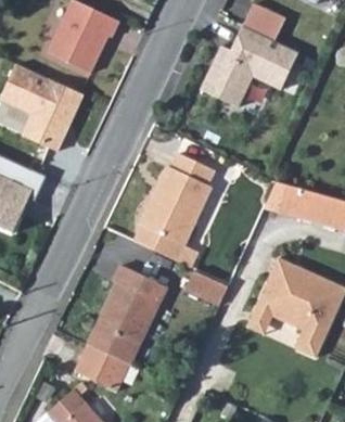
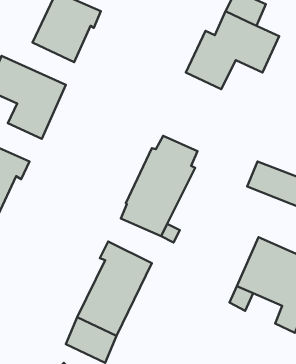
building: [189,267,233,305] -> none

